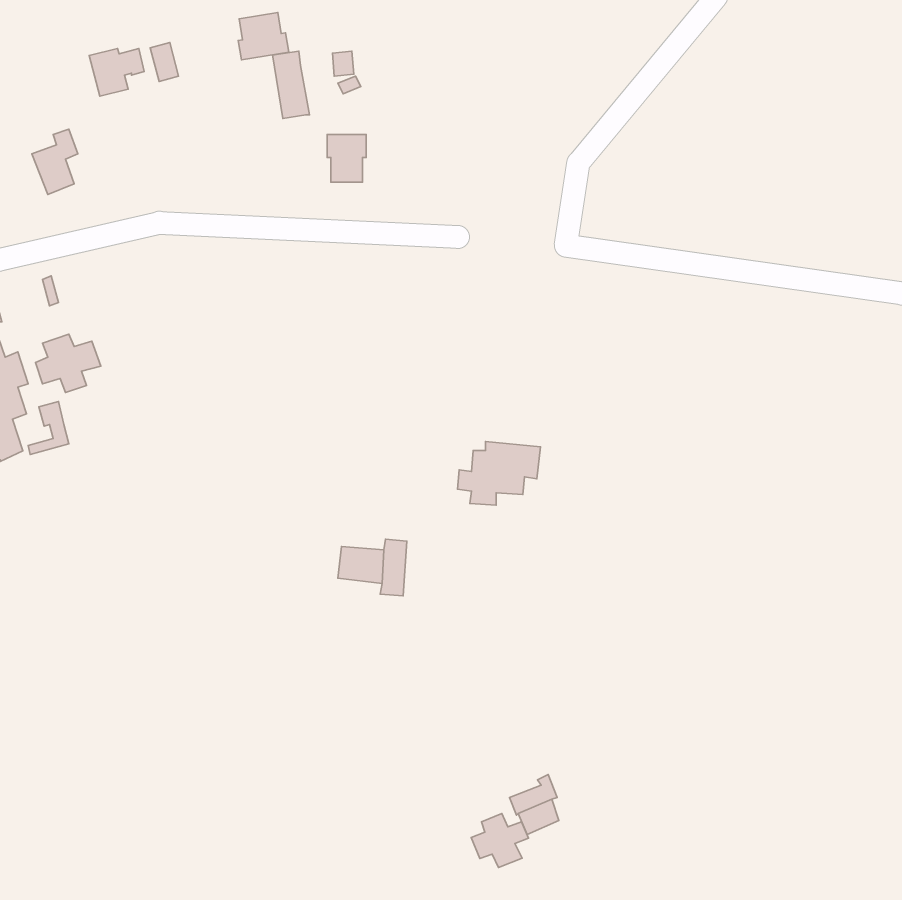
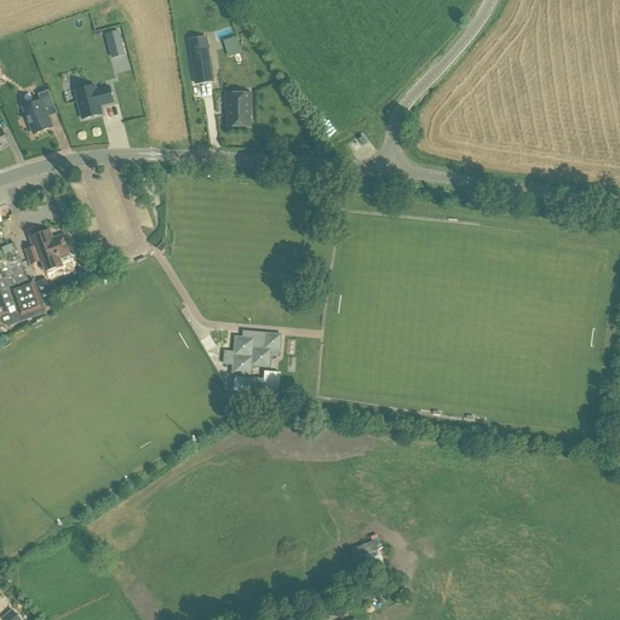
building: [238,13,289,60] -> none
building: [89,49,144,96] -> [74,85,111,117]
building: [457,442,540,505] -> [223,329,280,373]
building: [471,814,529,868] -> none

